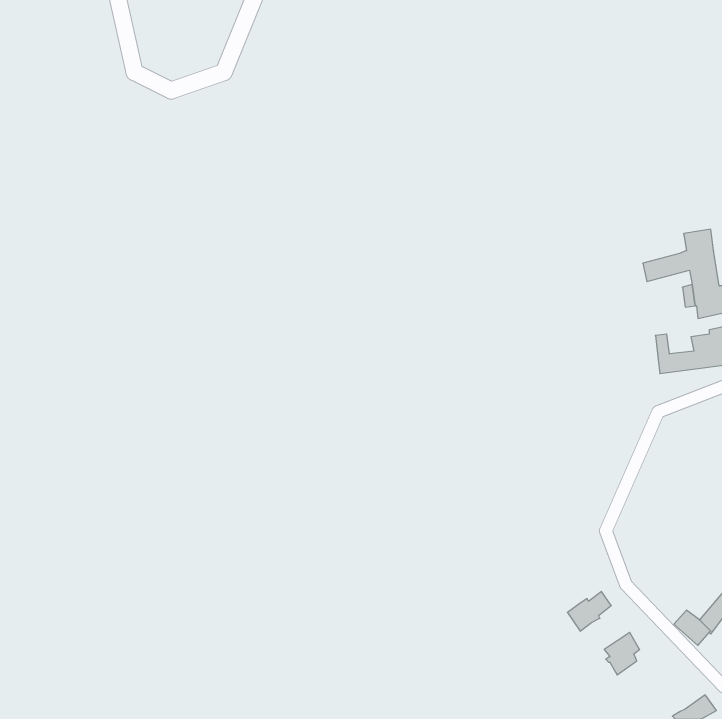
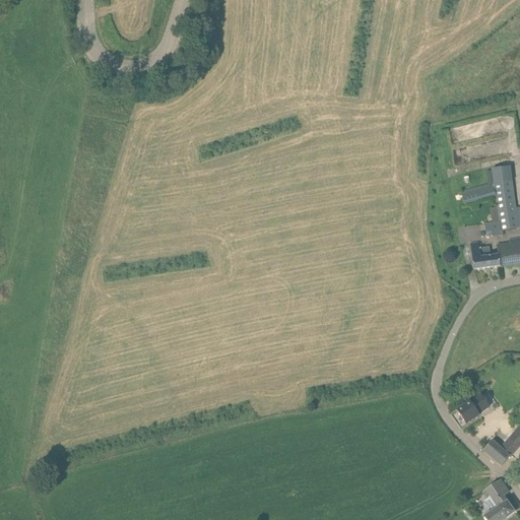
building: [567,591,611,631] -> [457,394,489,422]
building: [604,632,640,675] -> [483,478,509,509]

